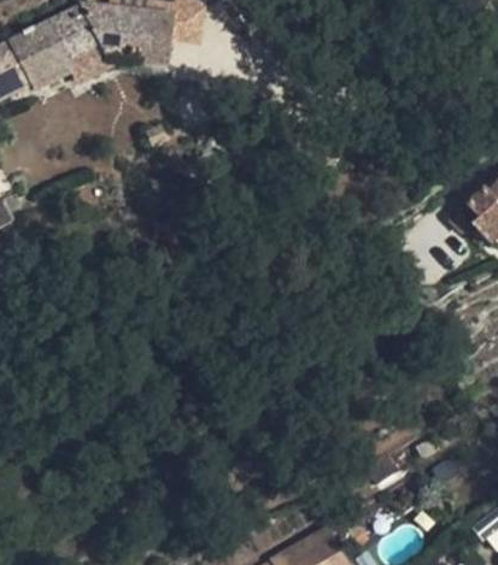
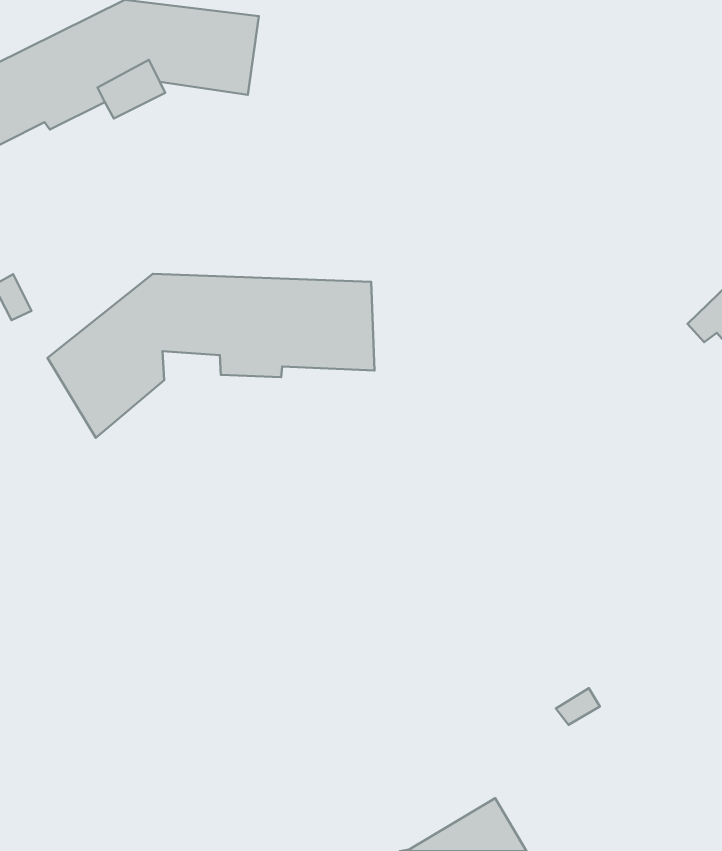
building: none -> [48,274,374,438]

